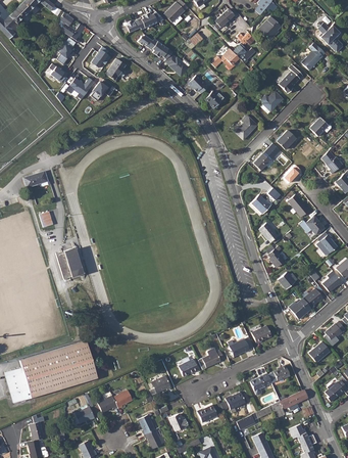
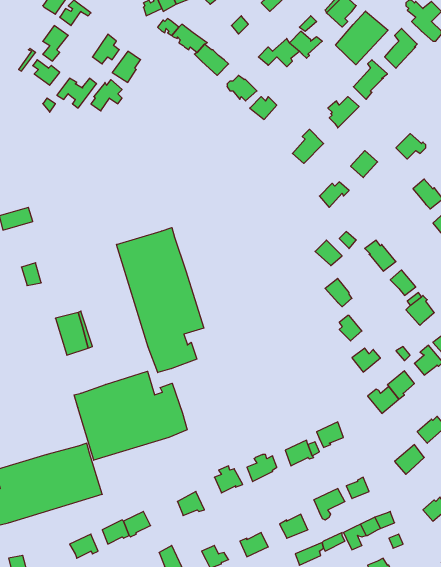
building: none -> [336,11,388,65]
building: none -> [117,228,204,373]
building: none -> [74,371,187,460]

